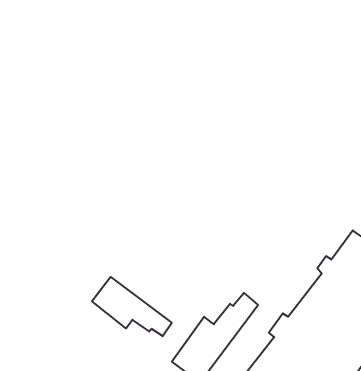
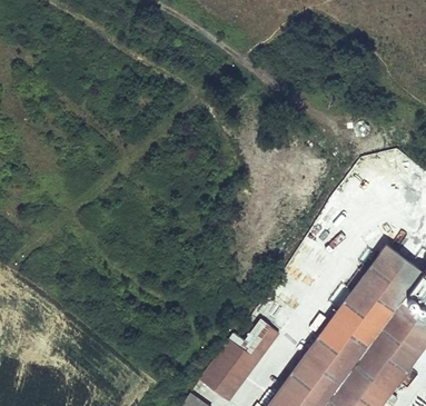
building: [92,277,172,336] -> none

